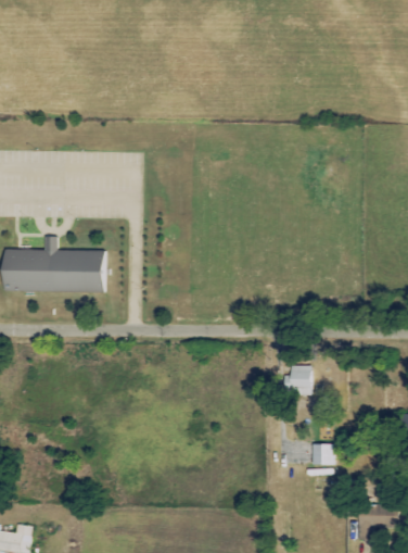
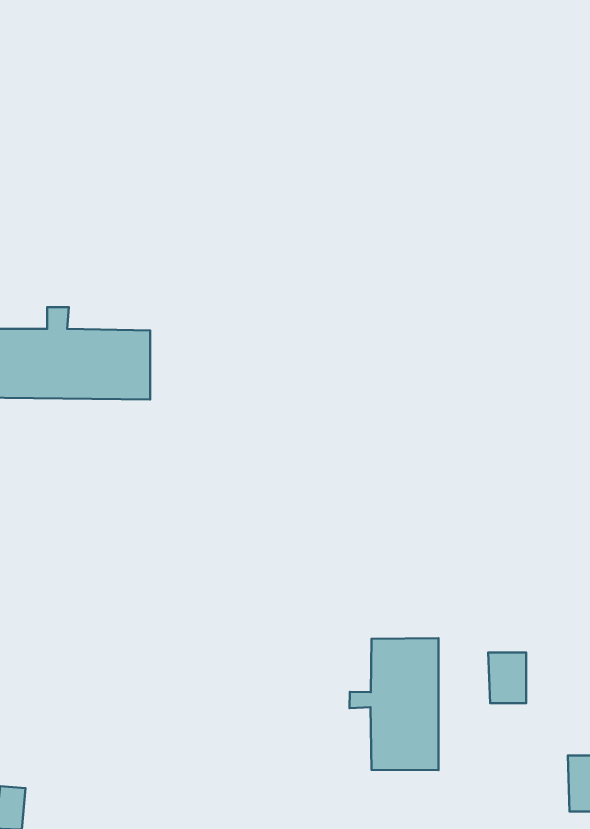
building: [286,365,311,395] -> none
building: none -> [350,638,438,770]

